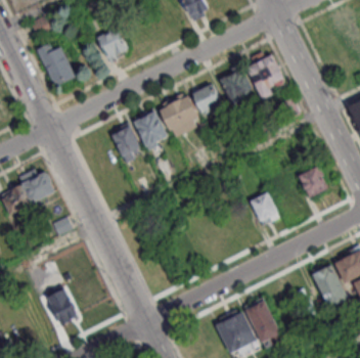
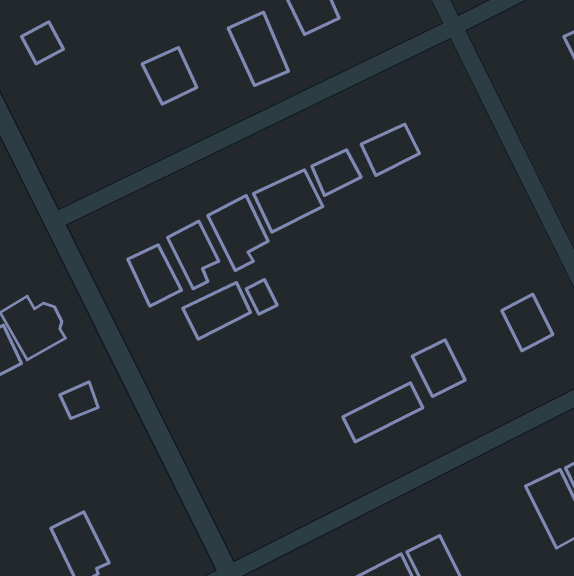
building: none -> [228,12,289,85]
building: [34,40,76,88] -> none
building: [246,53,285,100] -> none
building: none -> [128,245,181,306]
building: none -> [183,282,250,339]
building: none -> [343,383,423,442]

